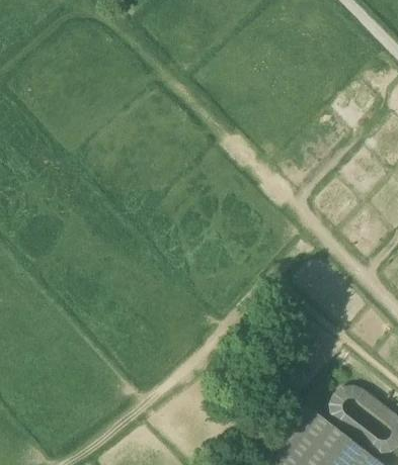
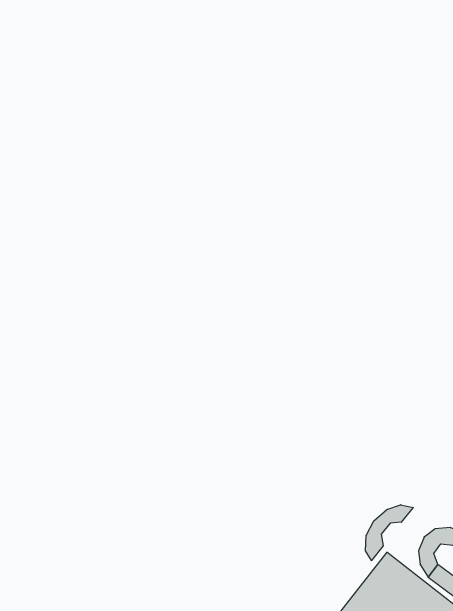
building: none -> [365,505,413,561]

